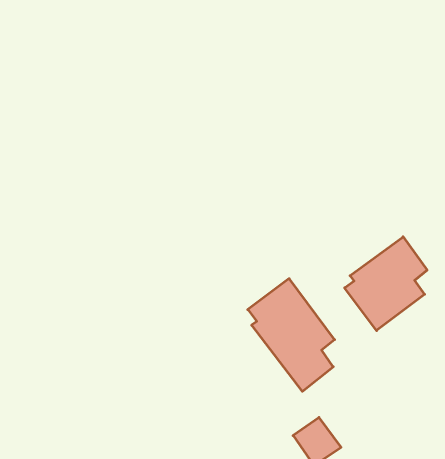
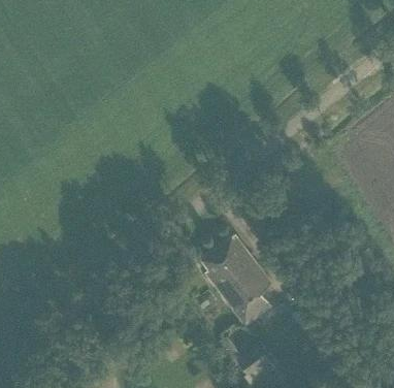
building: [345,237,427,331] -> none

